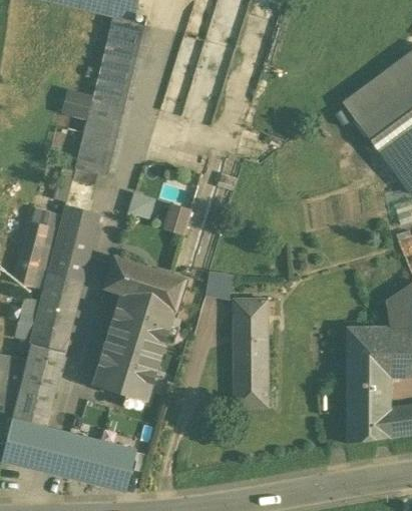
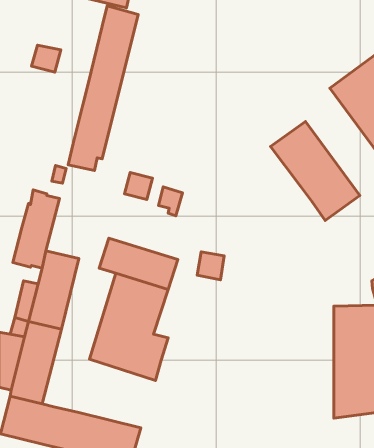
building: [62,90,92,118] -> [32,45,61,72]
building: none -> [271,121,360,220]
building: [48,210,98,278] -> none
building: [234,299,267,407] -> none

